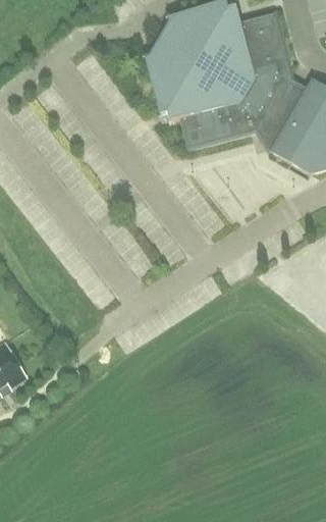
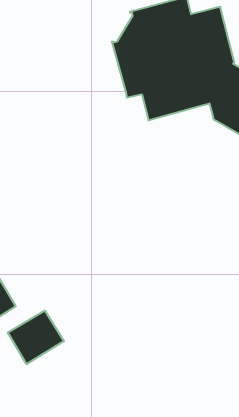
building: none -> [8,311,64,364]

